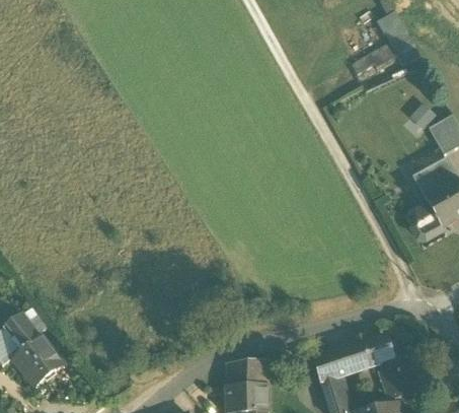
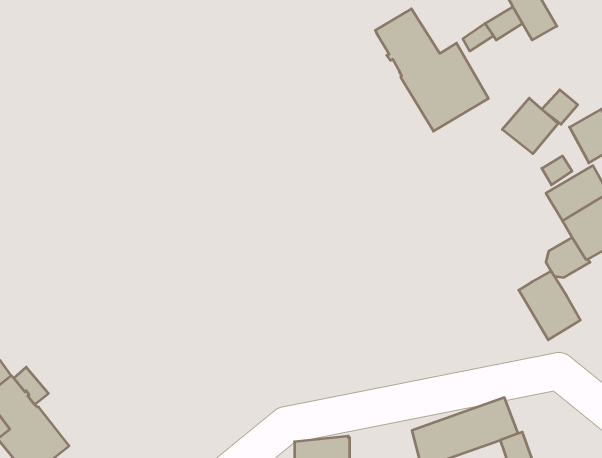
building: none -> [375,9,488,131]
building: none -> [502,98,558,154]
building: none -> [519,271,580,340]

